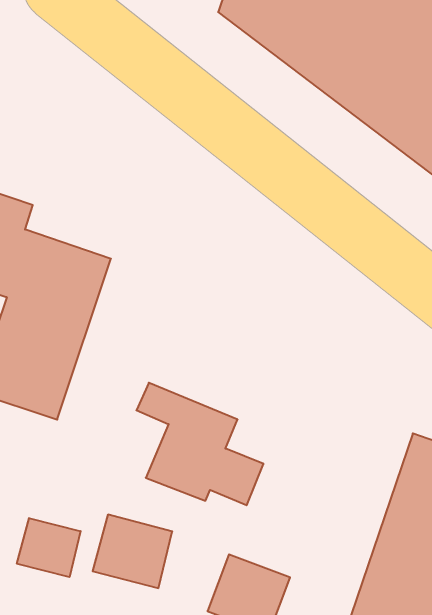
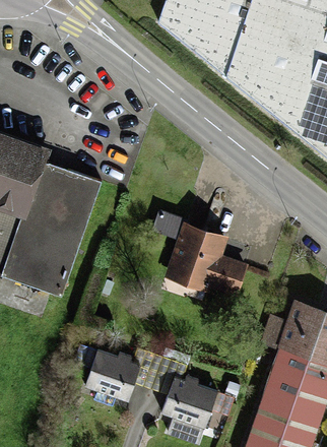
building: [136,383,264,505] -> [154,213,239,295]
building: [17,518,81,577] -> none

